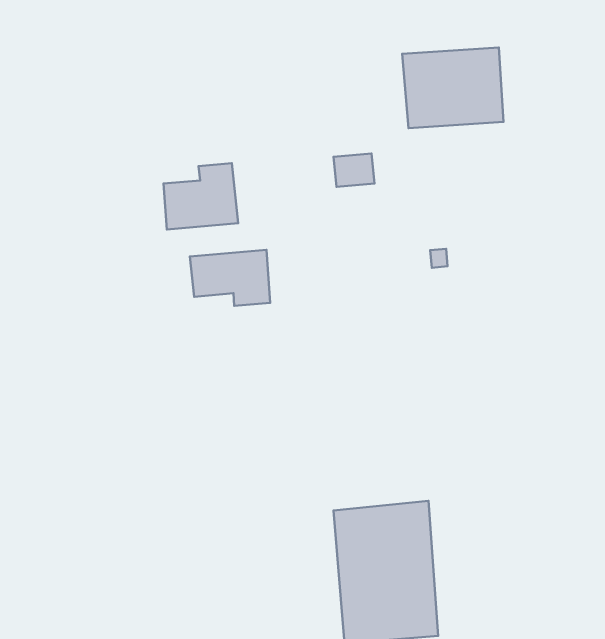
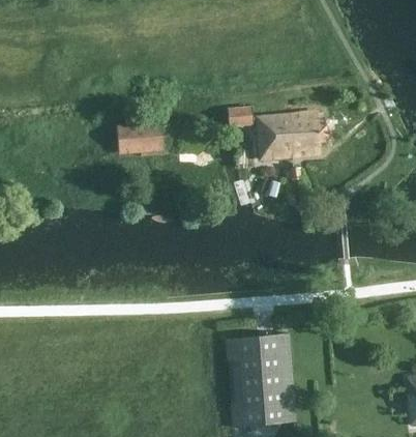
building: [402,47,504,128] -> [261,108,327,161]
building: [190,250,270,306] -> none

